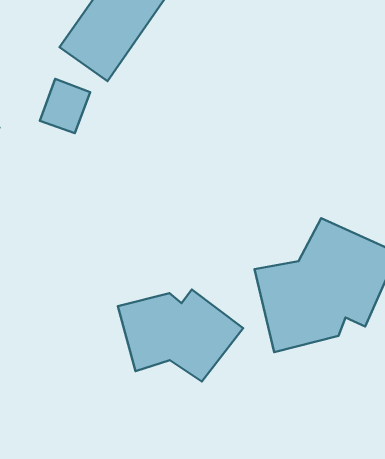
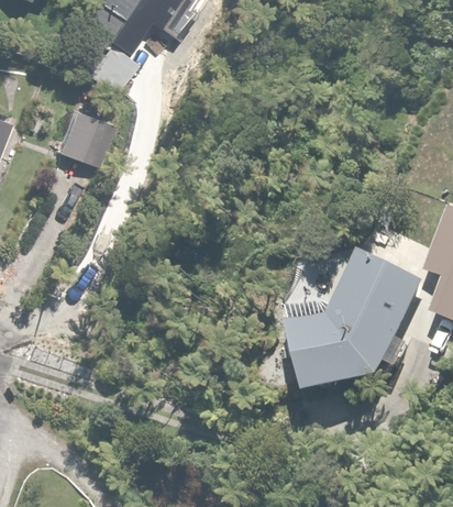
building: [118,289,243,381] -> none

